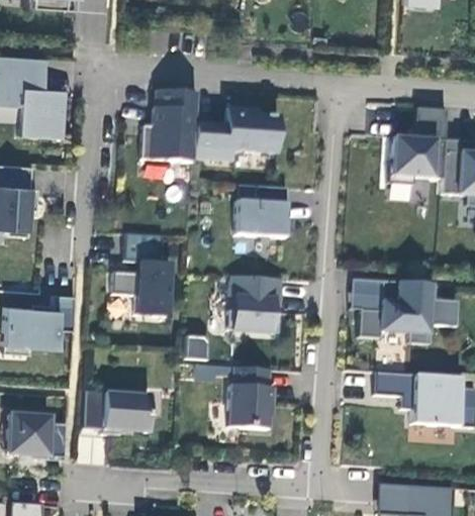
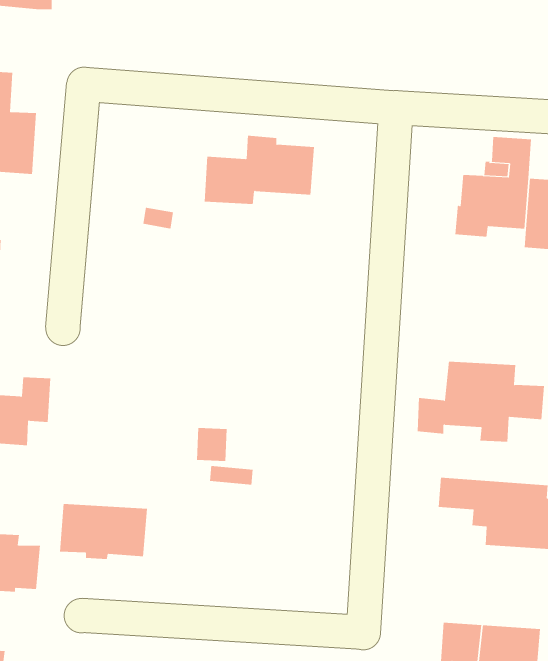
building: [141,89,198,163] -> none
building: [235,186,288,237] -> none
building: [112,232,171,316] -> none
building: [228,275,282,332] -> none
building: [351,278,383,311] -> none
building: [228,367,274,429] -> none

